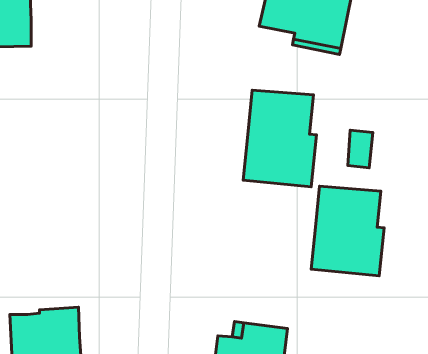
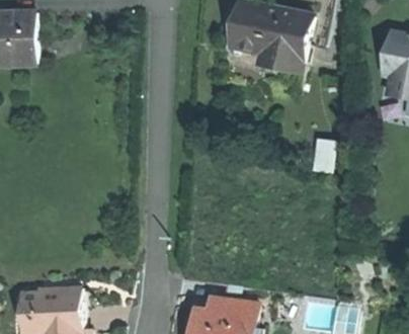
building: [243,90,317,187] -> none
building: [311,186,384,276] -> none

